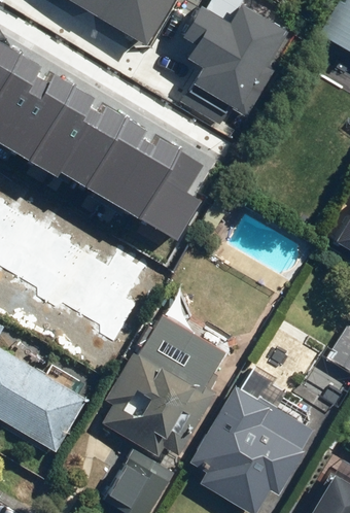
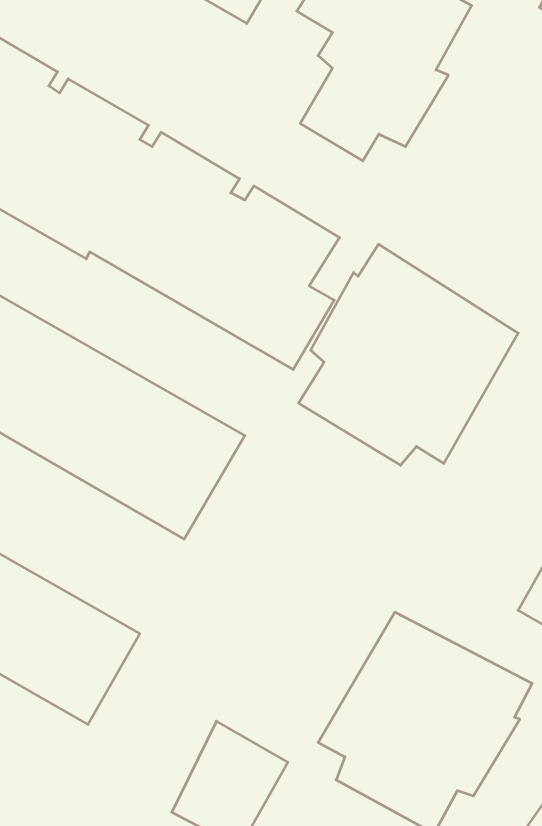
building: none -> [299,244,518,465]
building: [105,312,228,461] -> none

